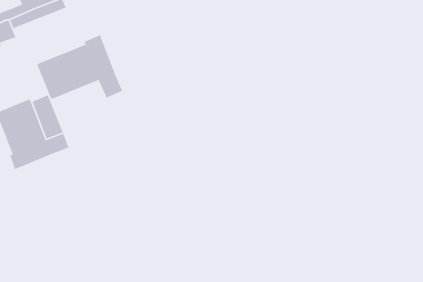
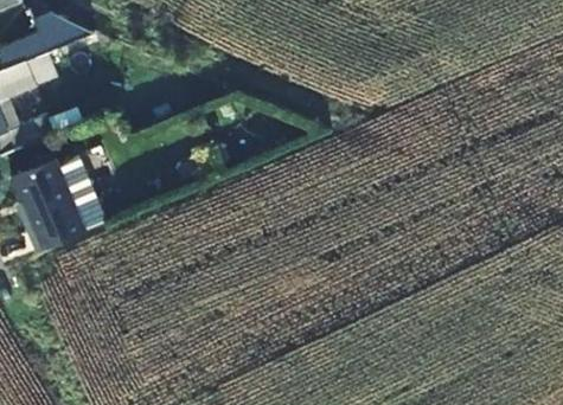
building: [36,34,123,100] -> none

